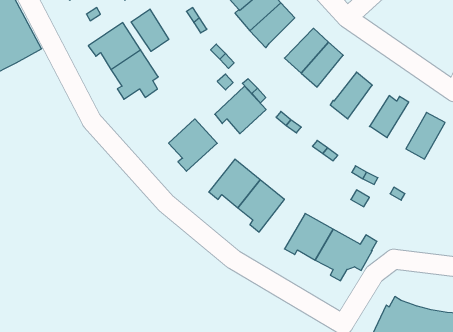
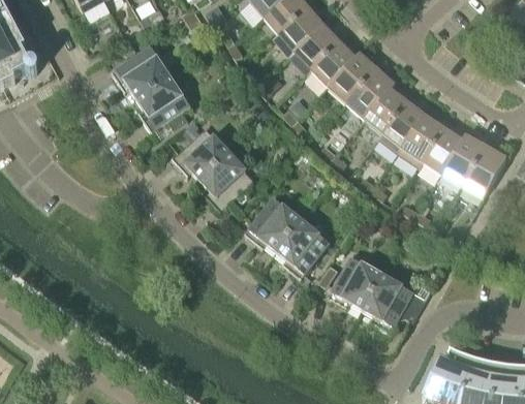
building: [131,9,169,51] -> none
building: none -> [311,40,360,85]
building: none -> [364,82,407,132]
building: none -> [398,115,443,165]
building: [215,86,266,134] -> [172,126,228,179]
building: none -> [441,133,485,185]

